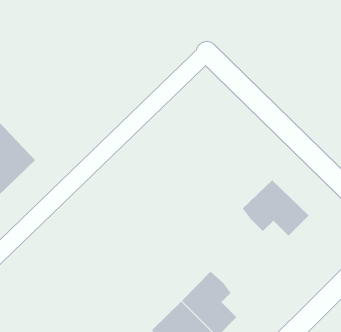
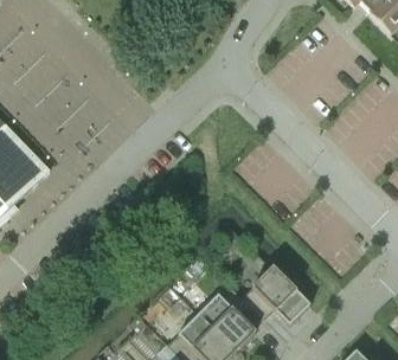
building: [242,180,309,236] -> [242,265,310,323]

